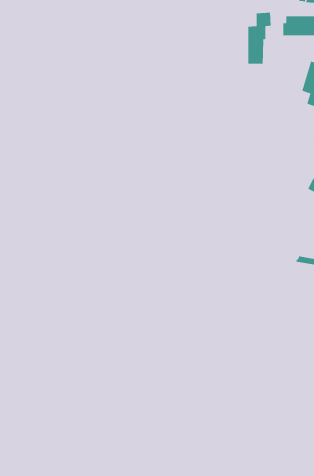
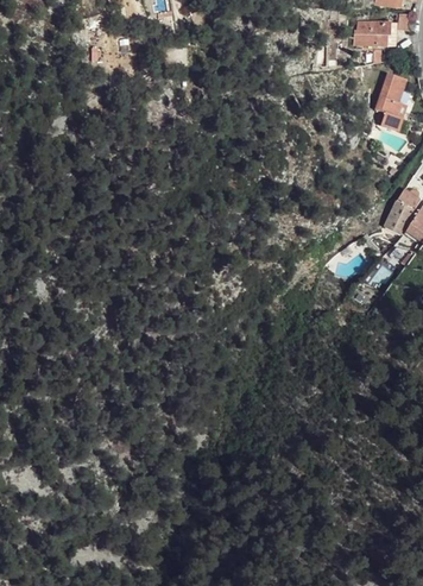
building: [248,12,271,65] -> none

